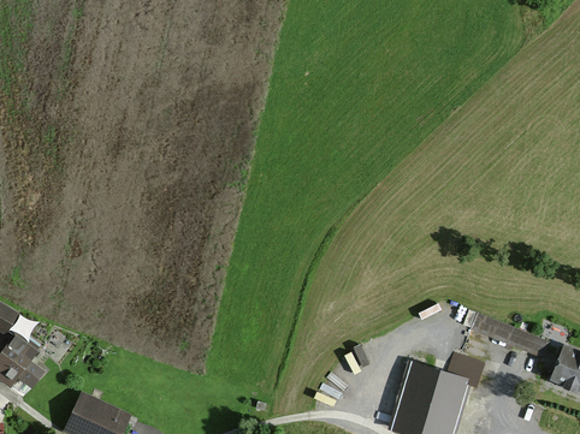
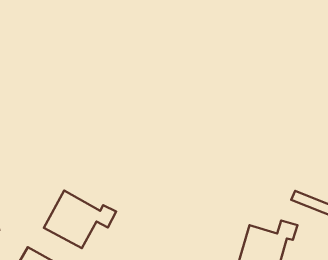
building: none -> [44,191,116,248]

